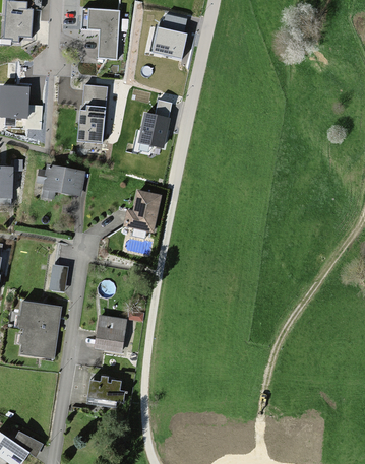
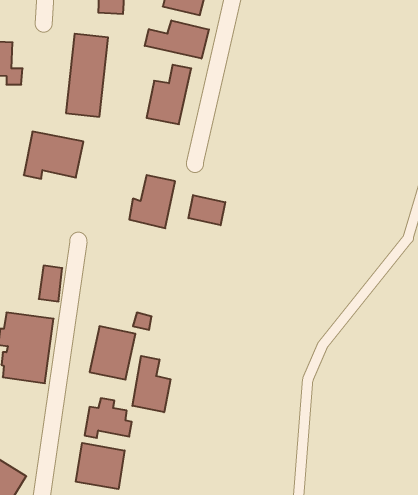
building: none -> [145,20,209,59]
building: none -> [188,195,225,225]
building: none -> [132,356,171,412]
building: none -> [76,443,125,489]

